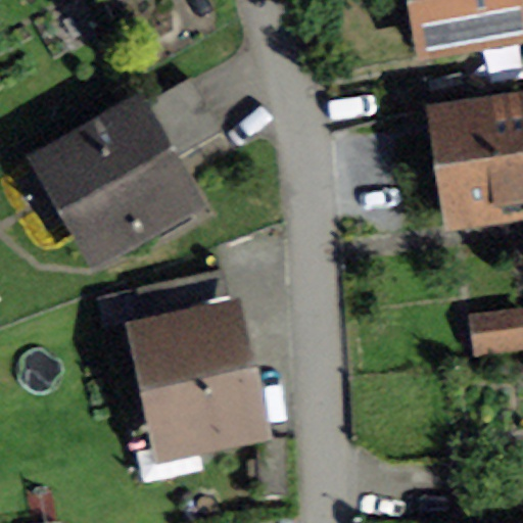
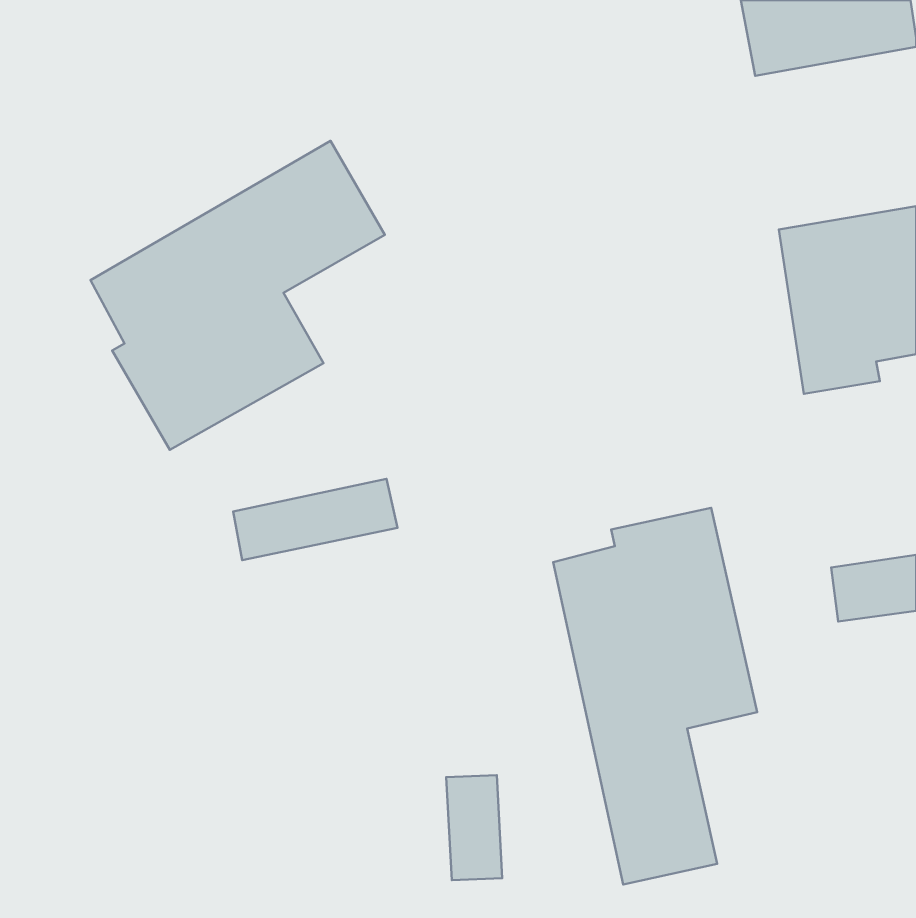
building: none -> [553,508,757,884]
building: [129,316,249,447] -> none

